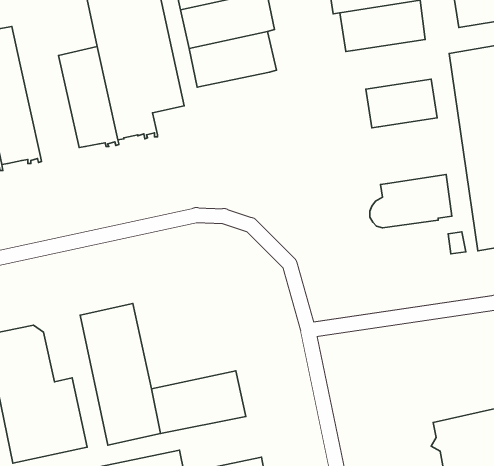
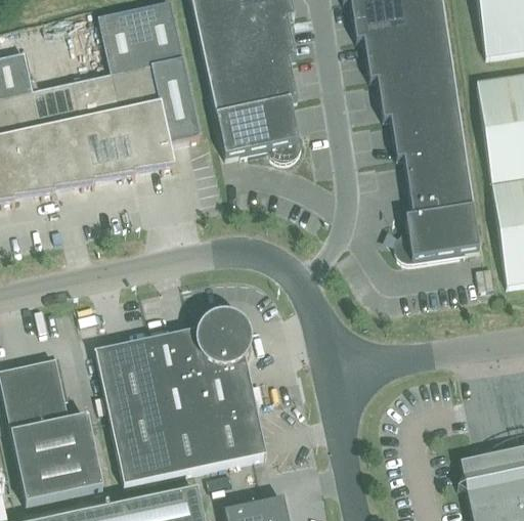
building: none -> [377,66,457,118]
building: none -> [33,82,95,186]
building: none -> [216,99,301,159]
building: none -> [403,146,473,214]
building: none -> [149,314,256,426]

